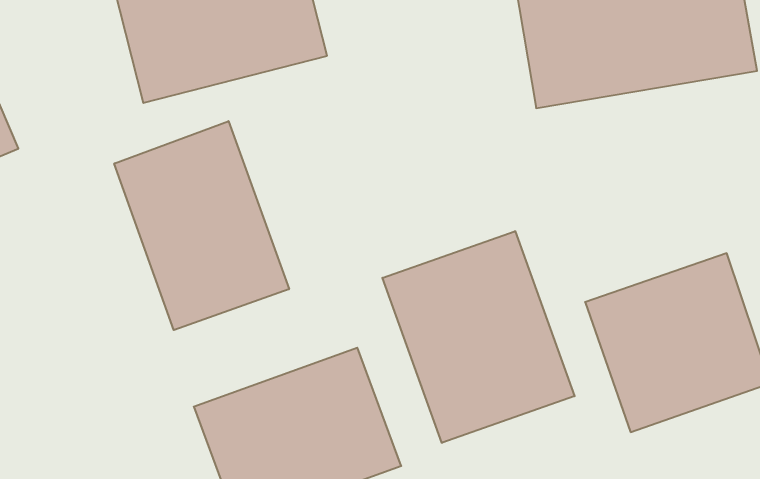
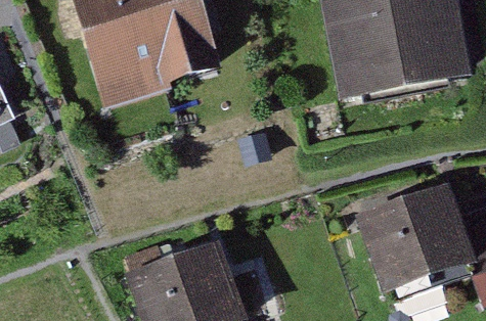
building: [114,121,289,330] -> none
building: [382,231,575,443] -> none

